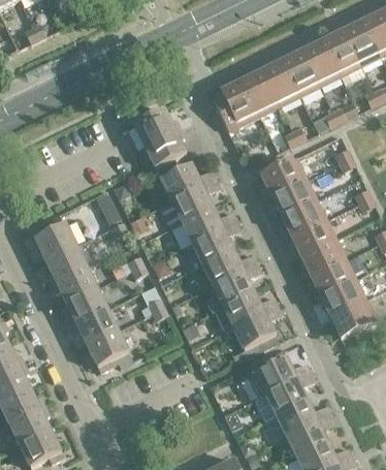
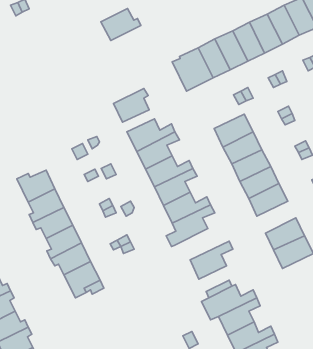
building: [132,107,179,145] -> [101,9,141,41]
building: [310,258,355,295] -> none
building: [214,290,278,331] -> none

